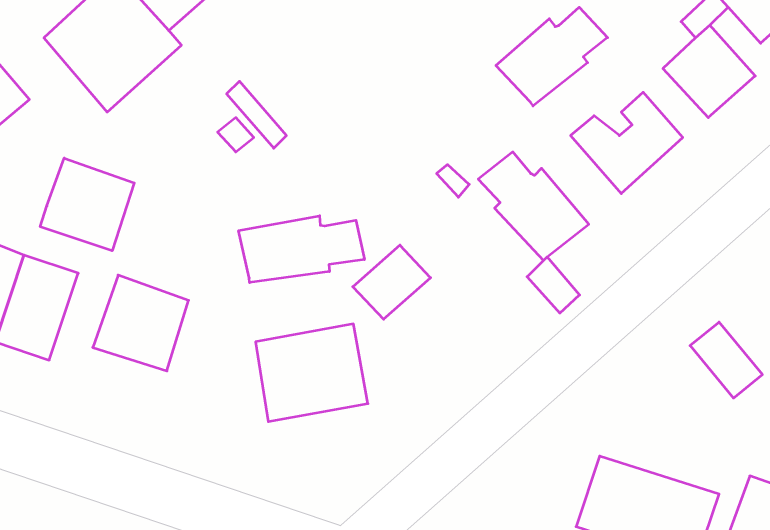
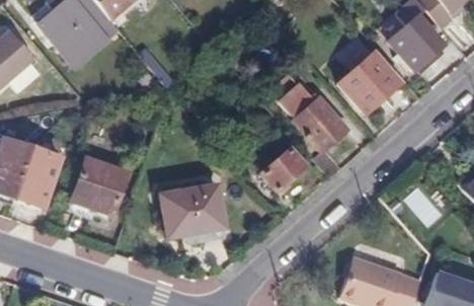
building: [496,7,608,106] -> none
building: [40,158,134,251] -> none
building: [239,216,364,283] -> none
building: [353,245,431,319] -> [260,147,304,188]

